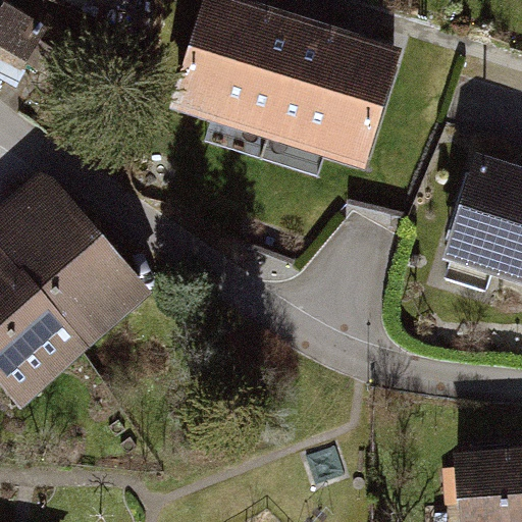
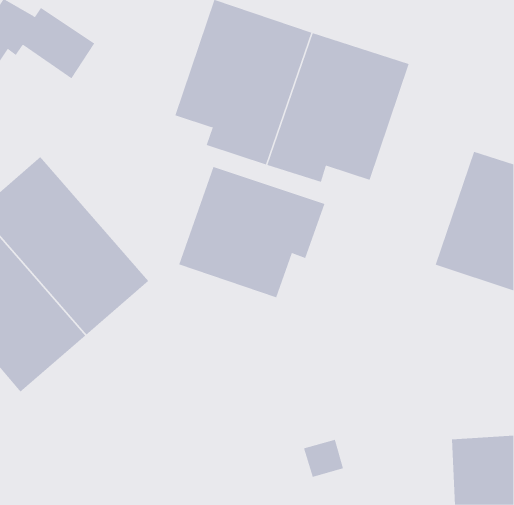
building: none -> [178,166,325,298]

